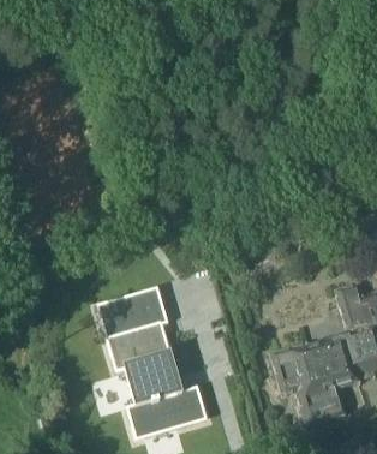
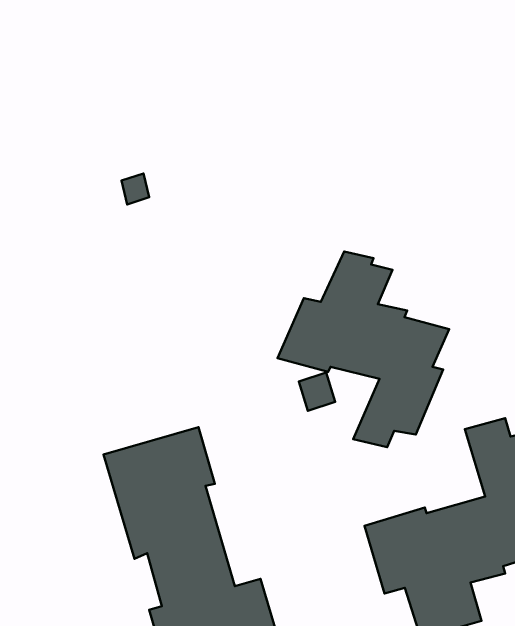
building: none -> [278,251,449,447]

